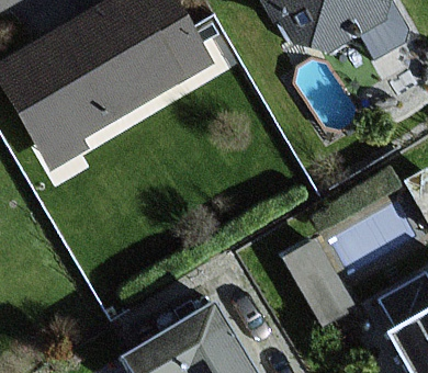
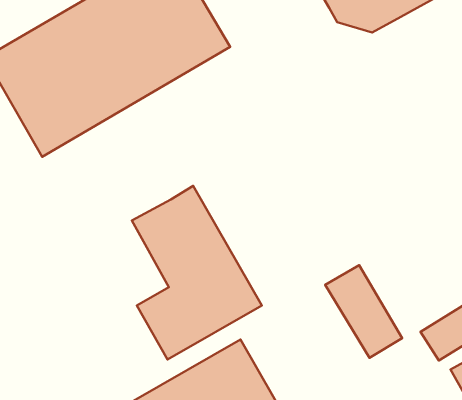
building: none -> [132,186,262,359]

